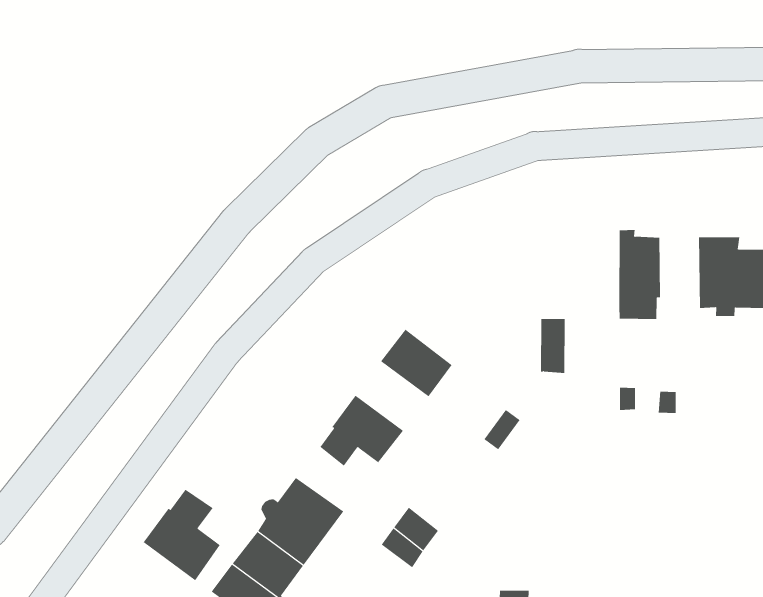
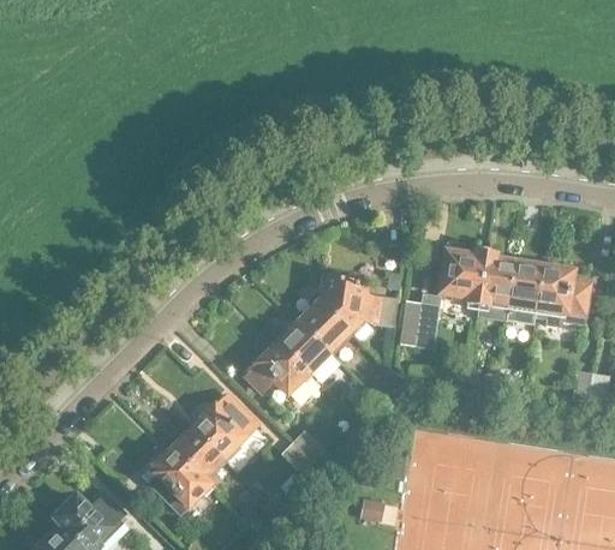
building: none -> [438,247,485,304]
building: none -> [503,259,542,323]
building: none -> [321,275,396,329]
building: none -> [277,318,330,371]
building: [143,489,220,581] -> none

